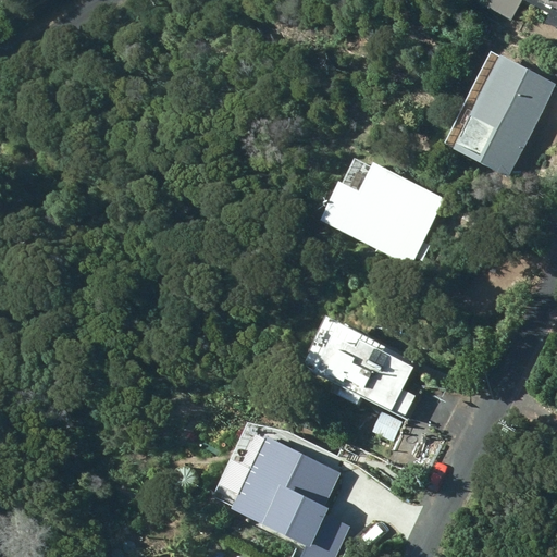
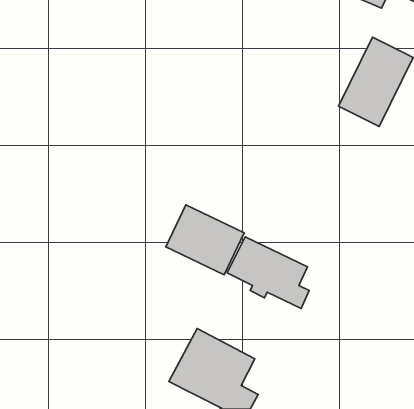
building: [329,161,443,264] -> none
building: none -> [166,205,244,275]

